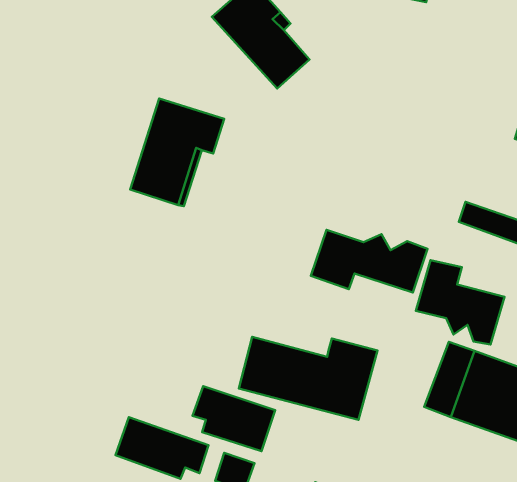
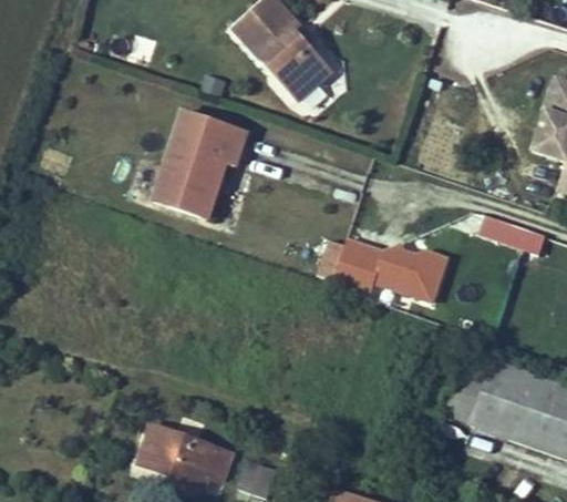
building: [416,260,505,345] -> none
building: [239,337,378,420] -> none
building: [192,386,275,451] -> none

